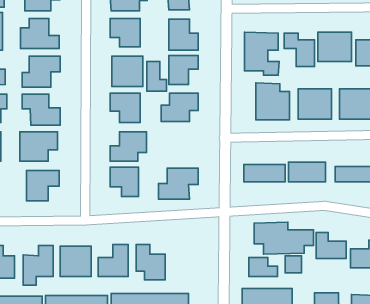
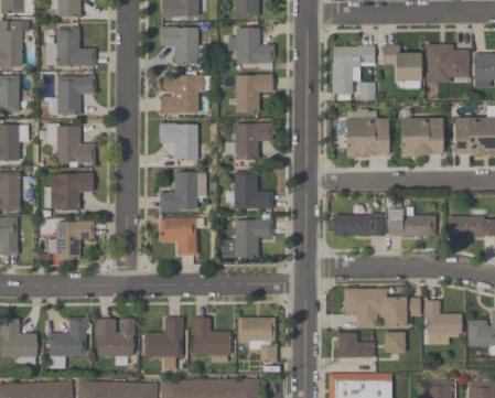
building: [147,62,167,91] -> none
building: none -> [233,171,273,208]
building: none -> [237,316,277,362]

